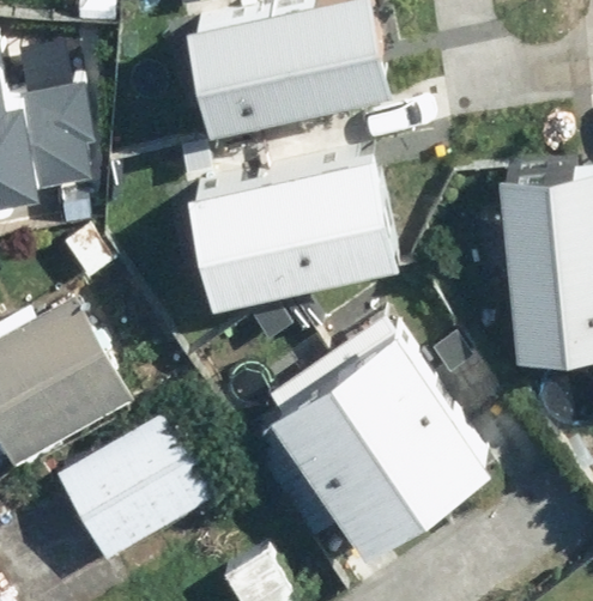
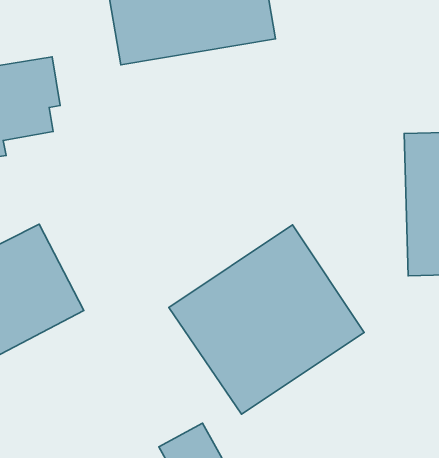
building: [162,160,351,273] -> none
building: [53,399,237,567] -> none

